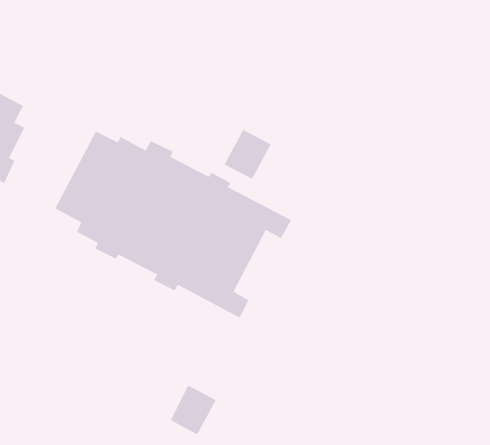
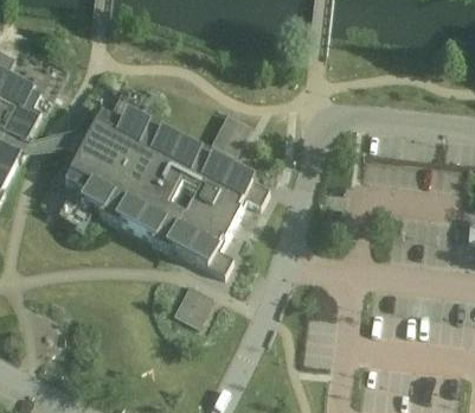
building: [170,385,217,436] -> [173,284,213,328]

